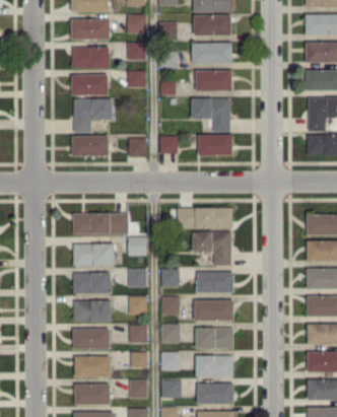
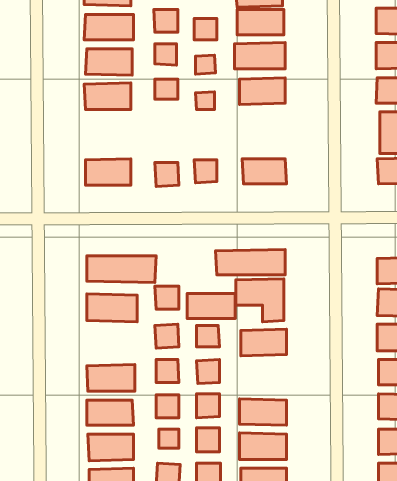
building: [191,98,229,132] -> none
building: [73,99,112,133] -> none
building: [73,272,111,293] -> none
building: [194,300,232,321] -> [187,293,235,319]

